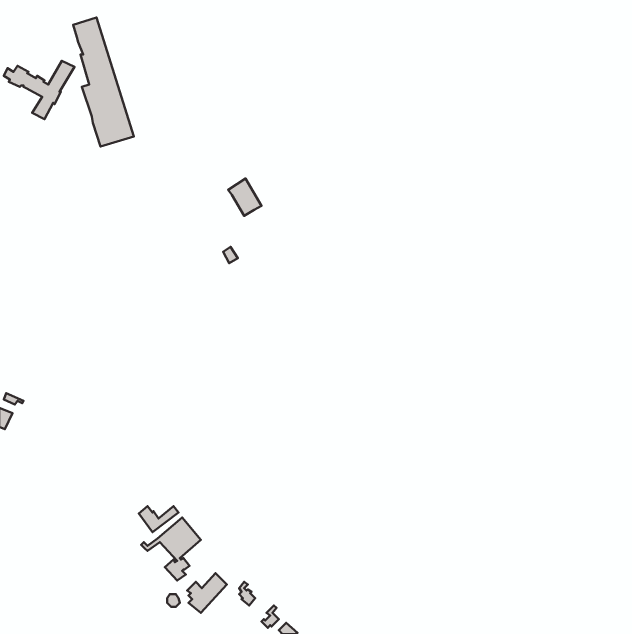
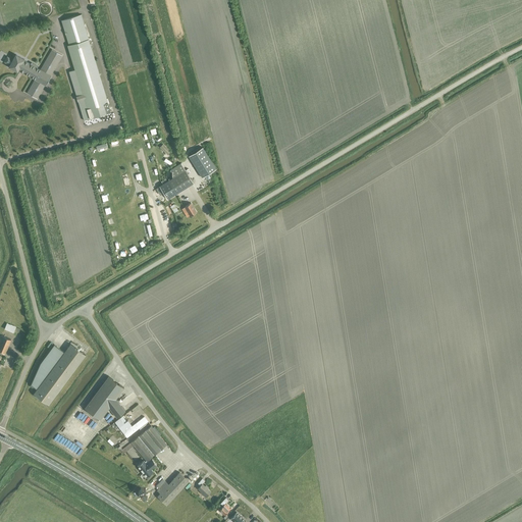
building: none -> [158,170,193,199]
building: none -> [33,344,85,404]
building: none -> [85,375,123,419]

